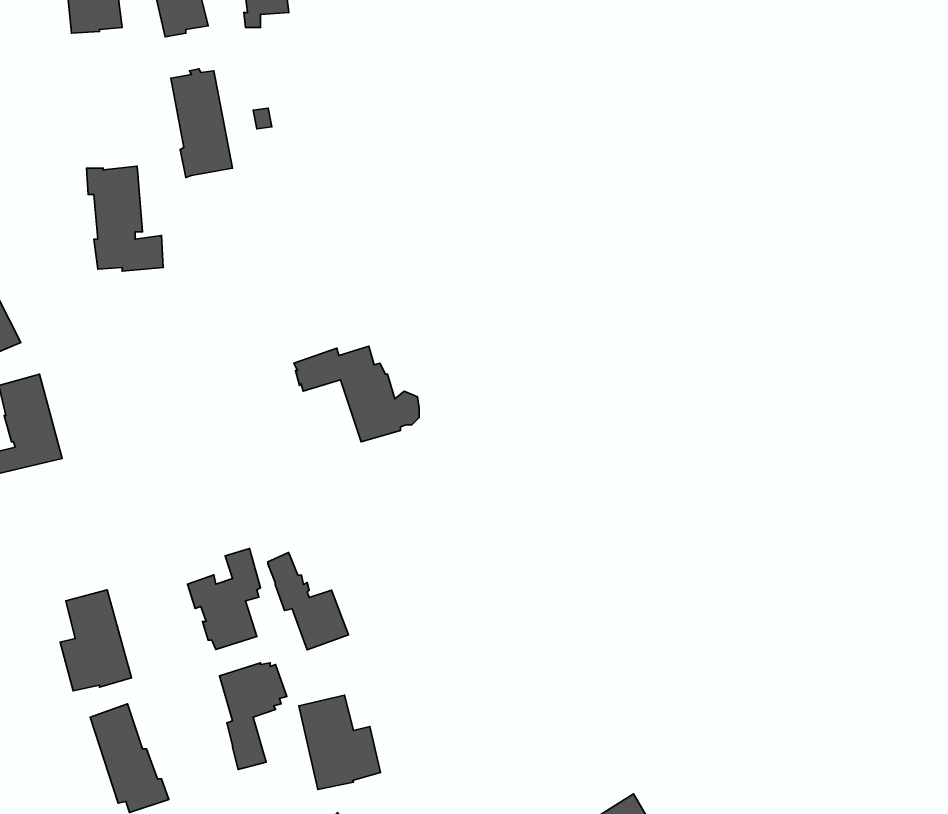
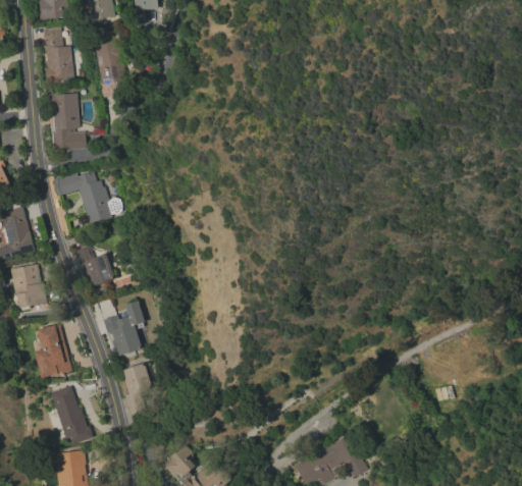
building: none -> [44,28,74,83]
building: [294,346,419,442] -> [53,171,121,223]
building: none -> [10,264,47,310]
building: [268,553,348,650] -> [71,233,115,286]
building: [299,695,381,790] -> none

